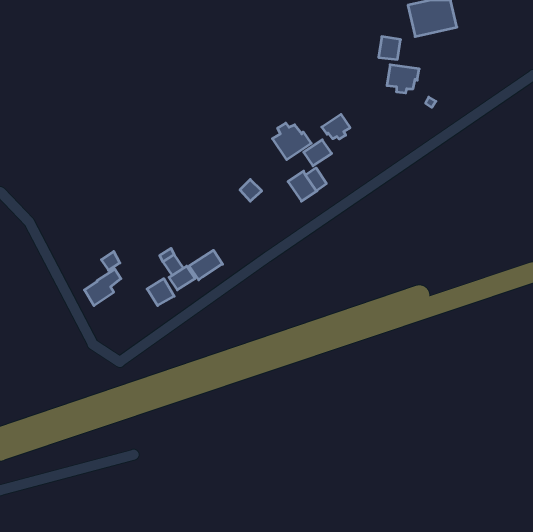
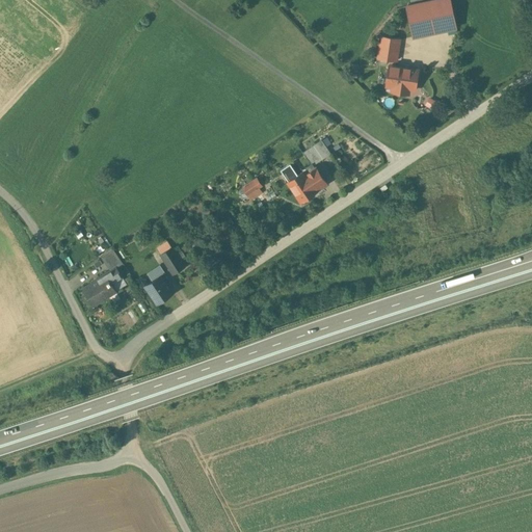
building: [322,114,350,139] -> none
building: [272,123,311,160] -> none
building: [189,250,223,280] -> none

